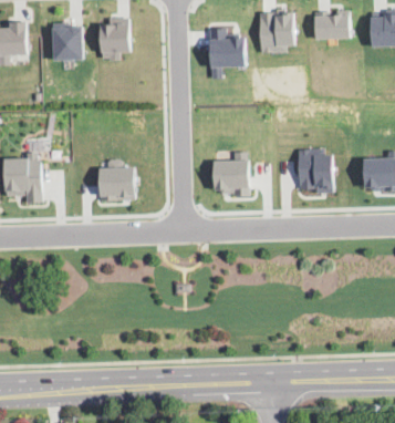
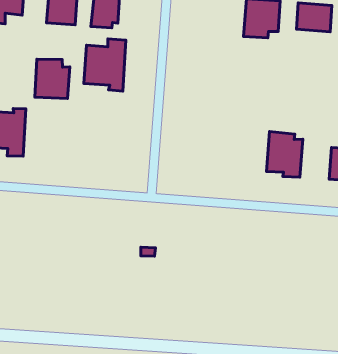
building: [207,28,243,79] -> none
building: none -> [84,39,126,91]
building: [212,151,250,196] -> none
building: [96,159,133,202] -> [35,59,70,98]

